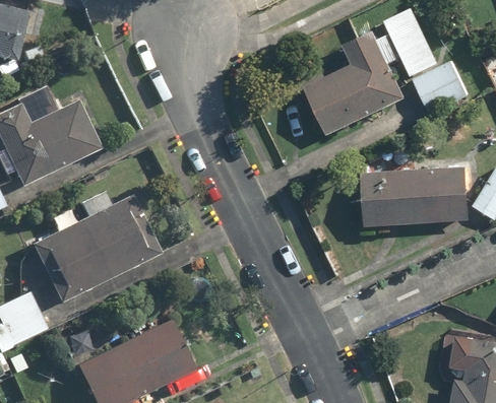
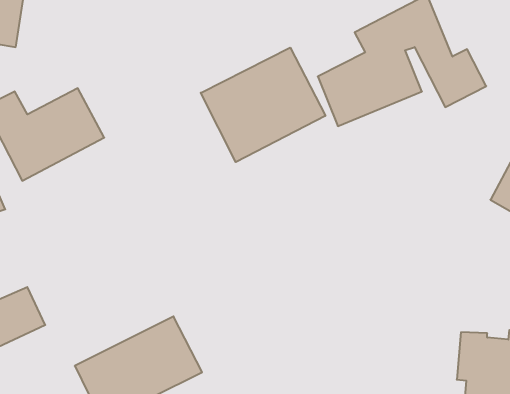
building: none -> [201,48,325,162]
building: [364,165,471,224] -> none
building: [27,193,160,305] -> none

